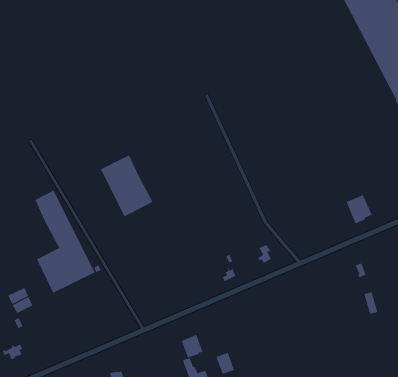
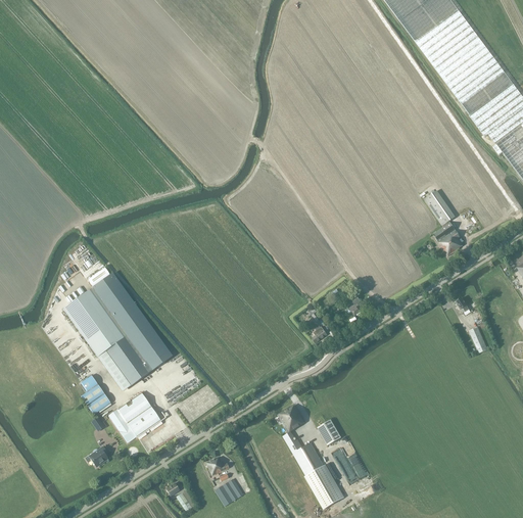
building: [100,154,154,217] -> [63,286,128,356]
building: none -> [424,189,456,225]
building: none -> [108,391,161,441]

